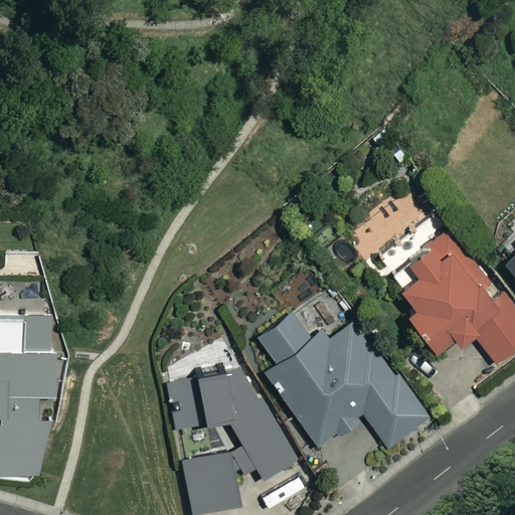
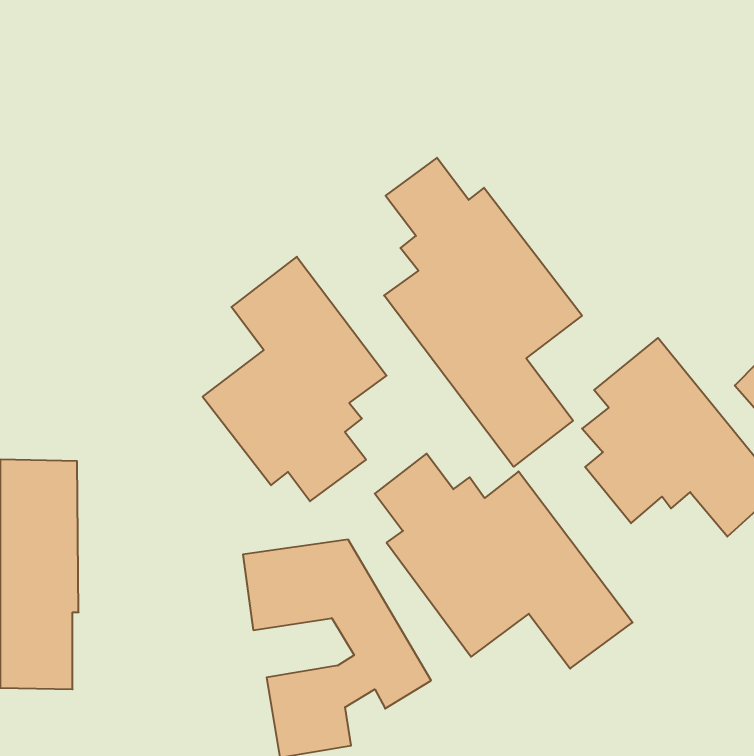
building: none -> [384,158,582,467]
building: none -> [203,257,387,501]

